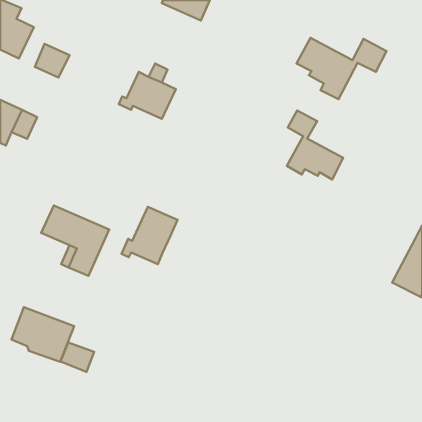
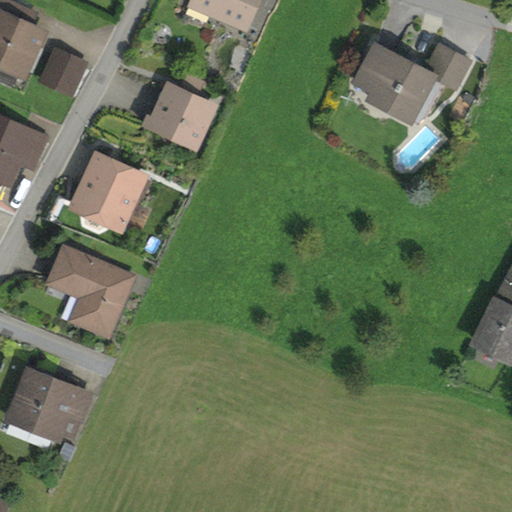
building: [287,110,343,179] -> none
building: none -> [76,157,142,225]
building: [122,207,178,264] -> none
building: [60,342,94,372] -> none

